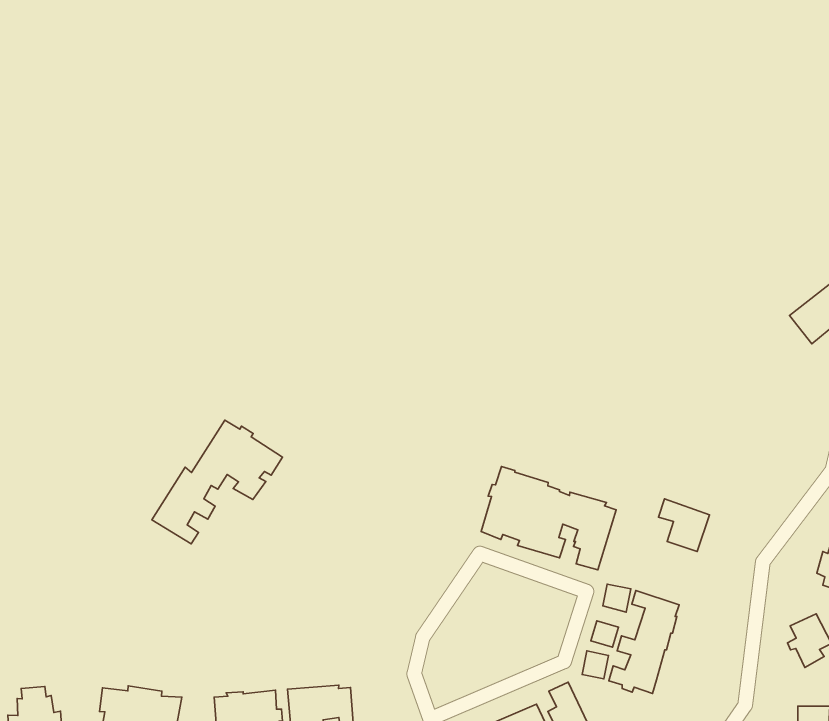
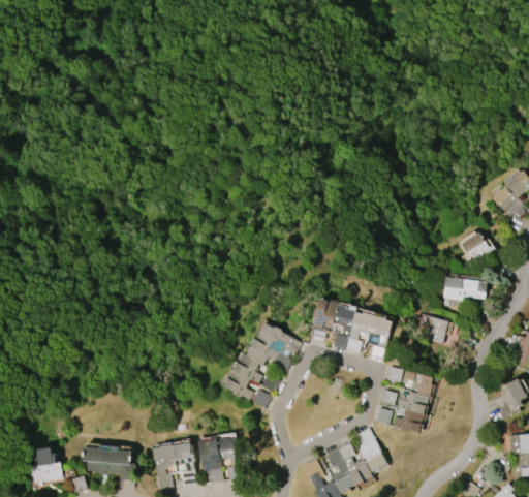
building: none -> [460,230,497,268]
building: [152,420,282,544] -> [224,321,302,398]
building: none -> [442,276,486,299]

